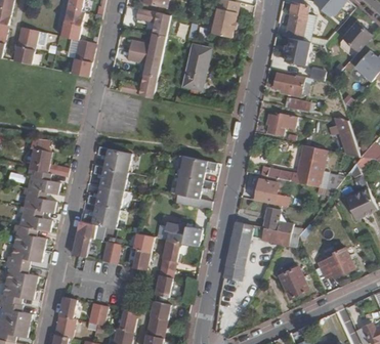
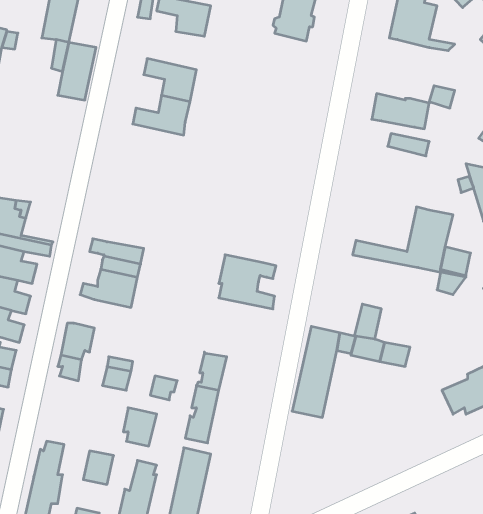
building: [129,32,166,56] -> none
building: [284,37,310,66] -> none
building: [185,44,210,89] -> none
building: [266,113,297,136] -> none
building: [96,146,130,171] -> none
building: [179,157,216,180] -> none
building: [252,178,288,206] -> none
building: [82,204,119,226] -> none
building: [166,220,202,245] -> none
building: [132,231,154,256] -> [123,408,157,446]
building: [280,266,309,298] -> none

